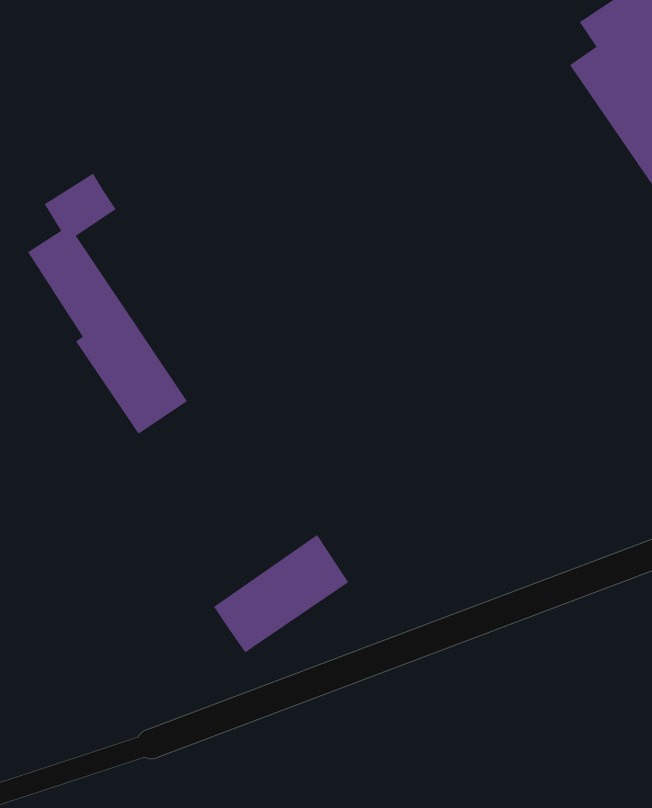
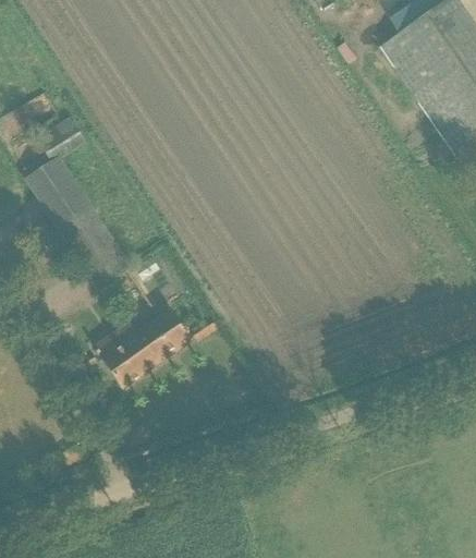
building: [213,534,349,653] -> [102,307,192,386]

